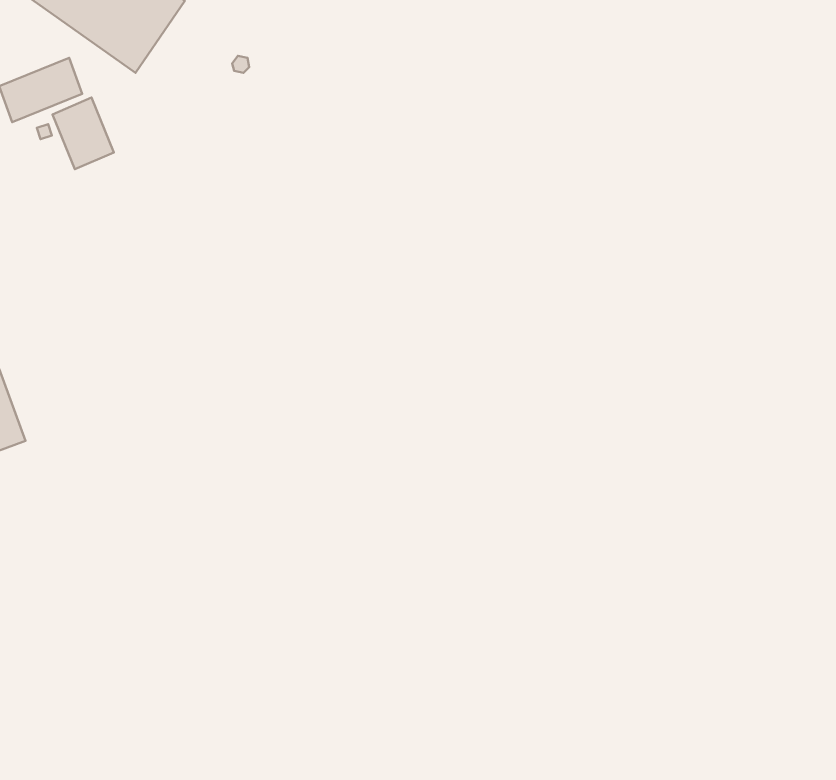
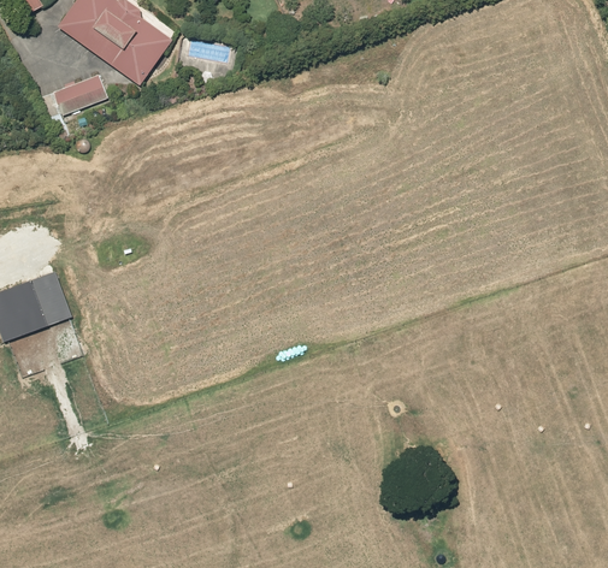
building: [53,98,114,169] -> none

